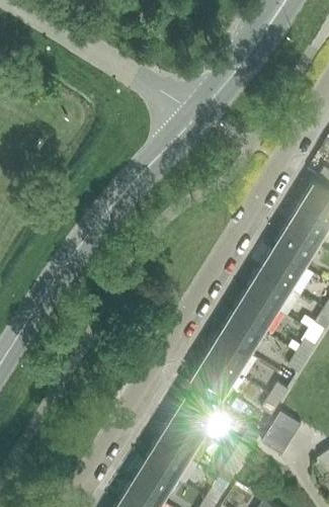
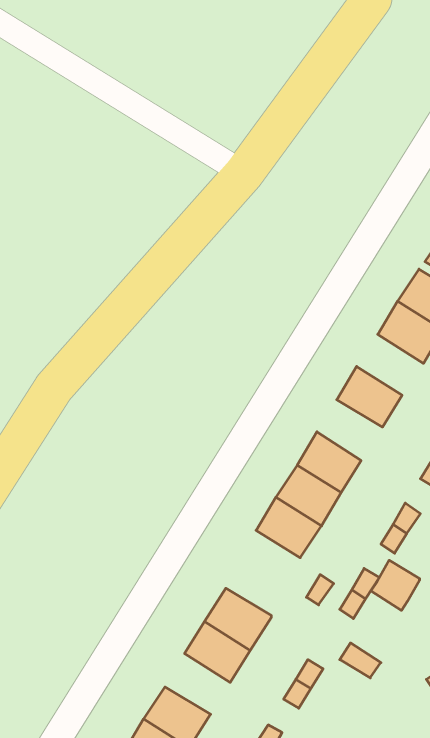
building: [271,229,316,269] -> none
building: [245,272,289,313] -> none
building: [190,359,234,400] -> none
building: [267,414,300,447] -> [371,560,420,610]
building: [144,441,187,482] -> none

